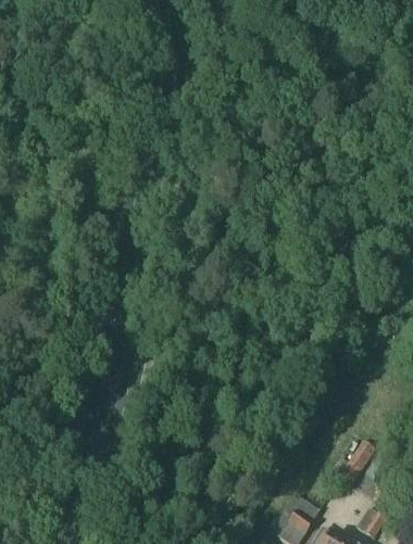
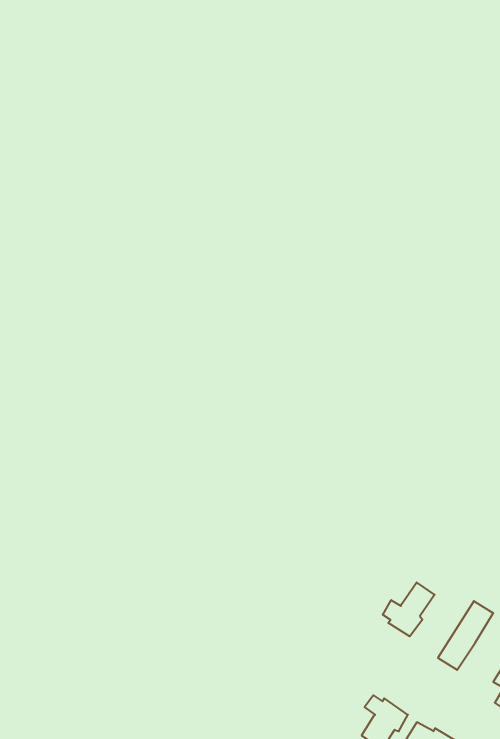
building: none -> [383,582,435,636]

